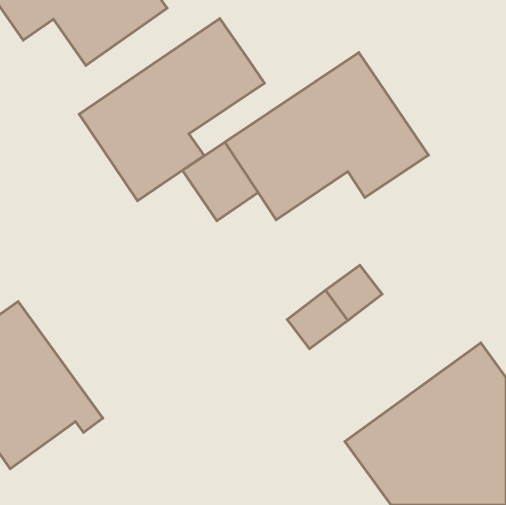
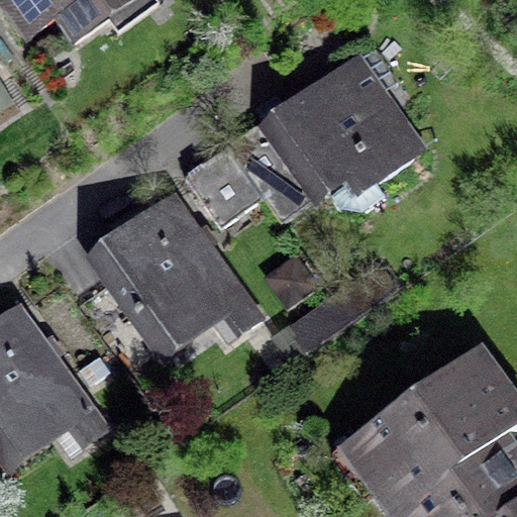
building: [79,18,264,201] -> none
building: none -> [84,190,263,355]

